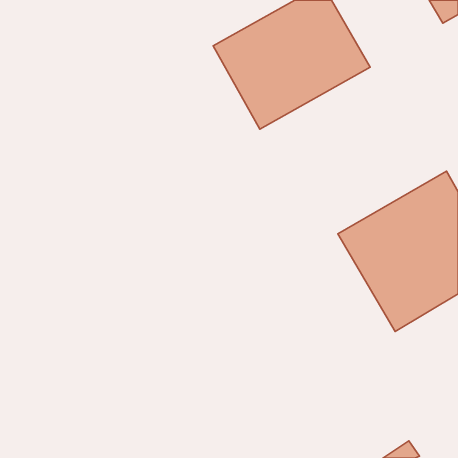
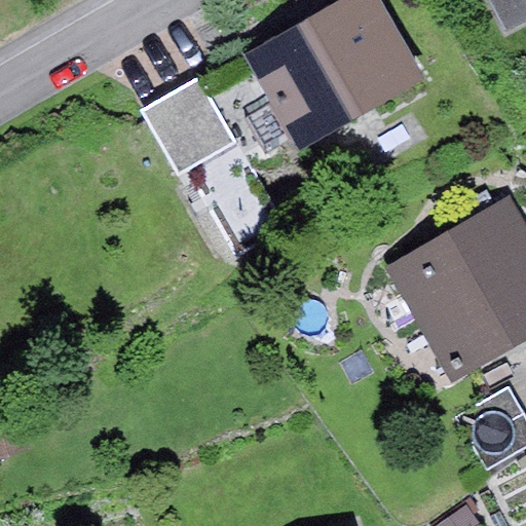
building: none -> [142,78,238,176]

